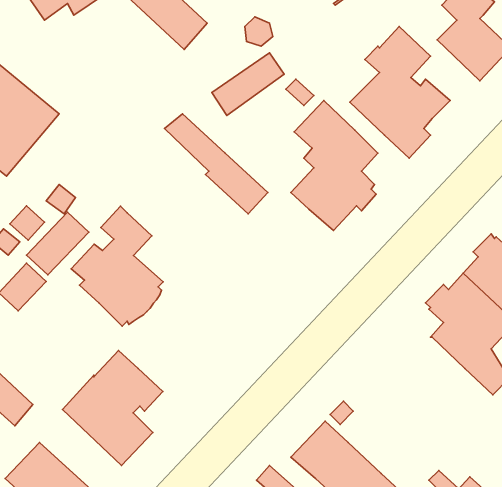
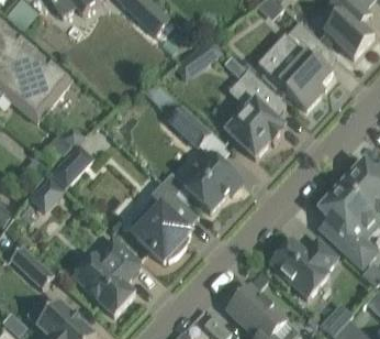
building: [71,206,163,326] -> [128,181,190,261]
building: none -> [180,152,242,210]
building: none -> [269,237,337,296]

